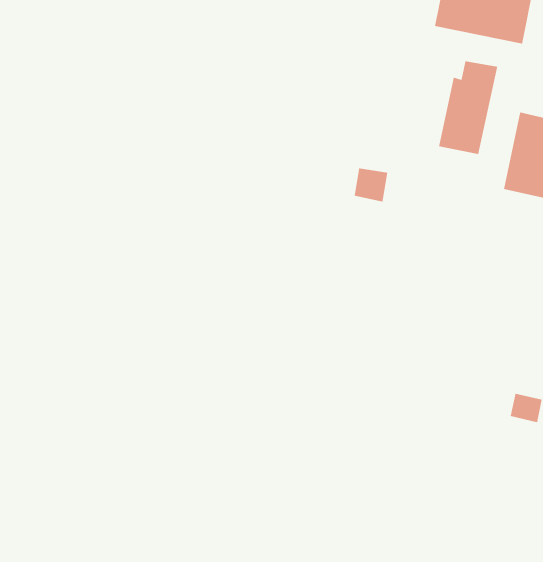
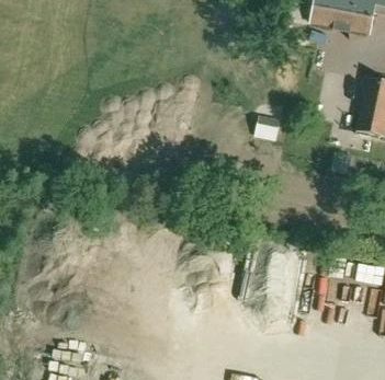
building: [438,60,498,155] -> none

